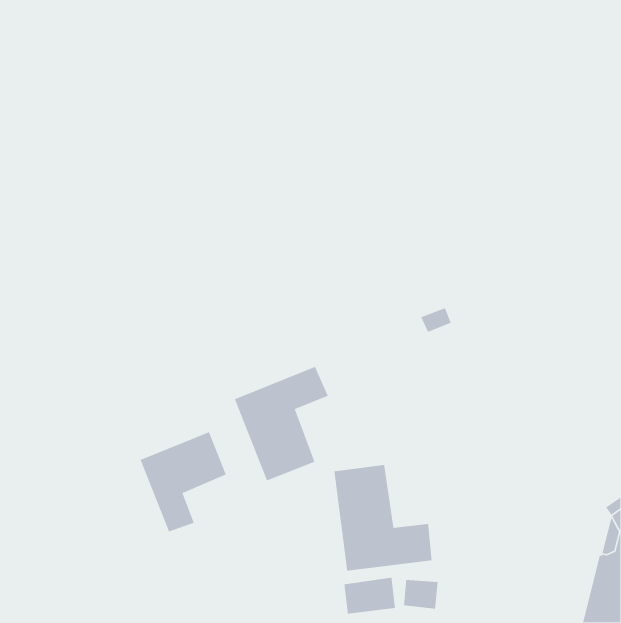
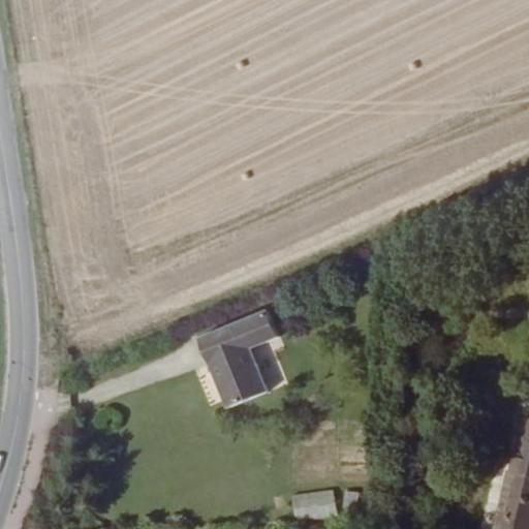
building: [139,431,227,533] -> none
building: [334,464,432,571] -> none

